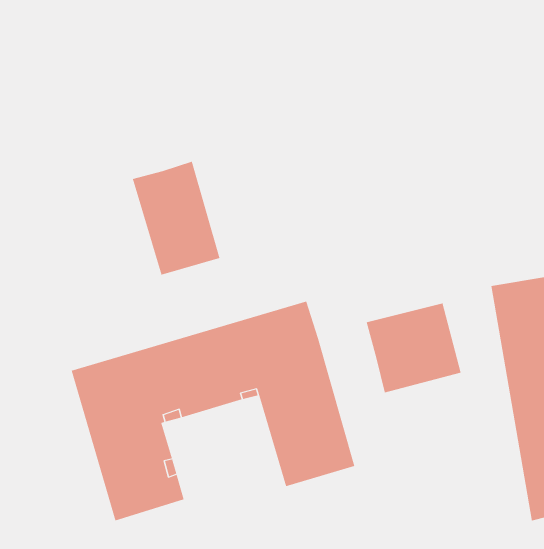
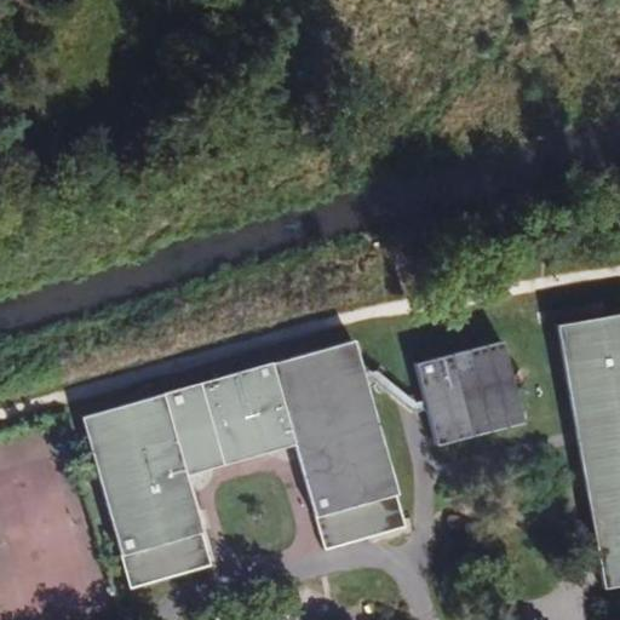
building: [132,161,220,276] -> none

